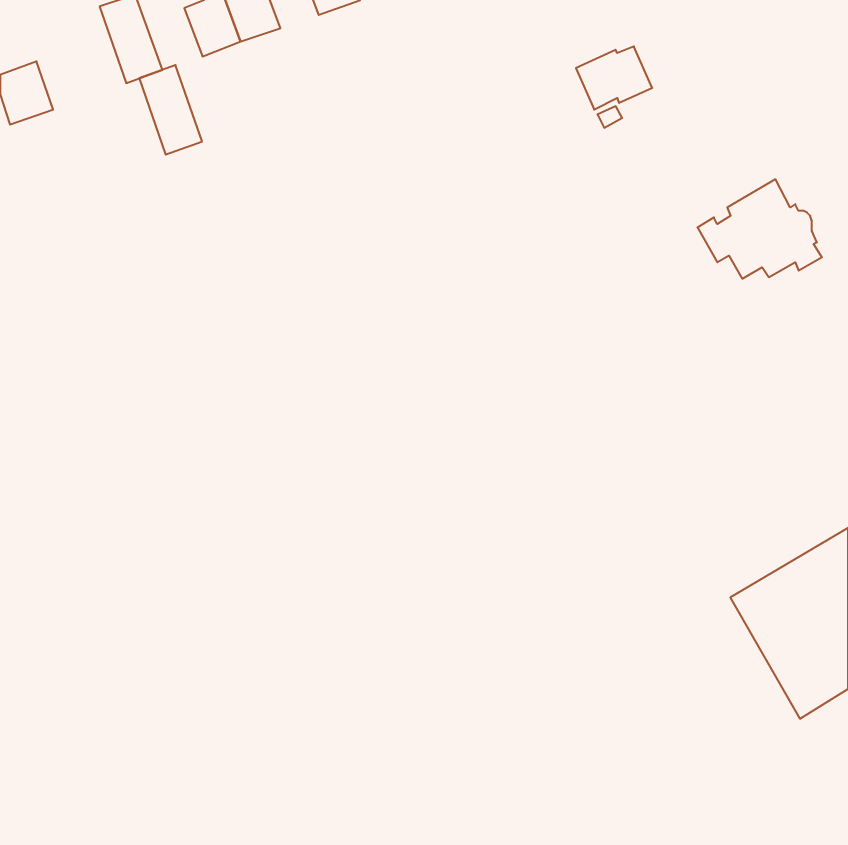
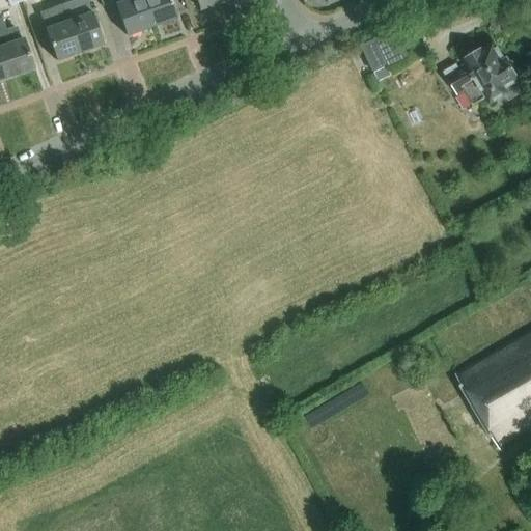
building: [139,65,202,155] -> [39,4,79,60]
building: [697,179,822,279] -> [446,41,524,104]

